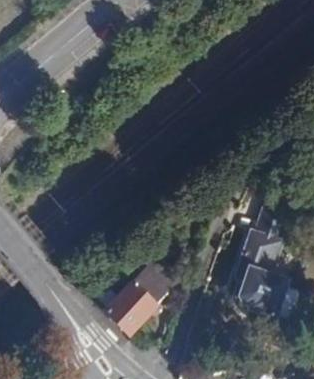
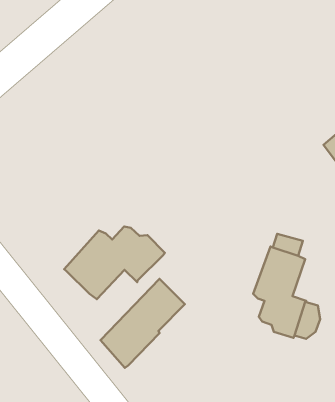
building: none -> [64,226,165,299]

